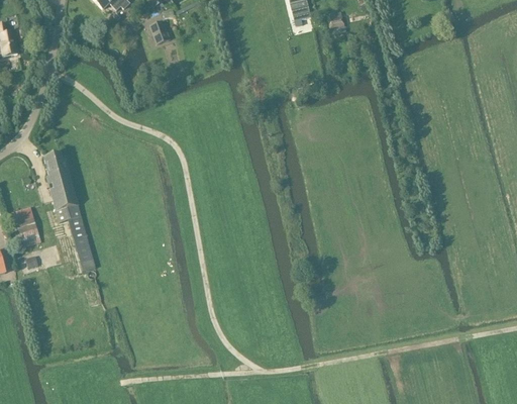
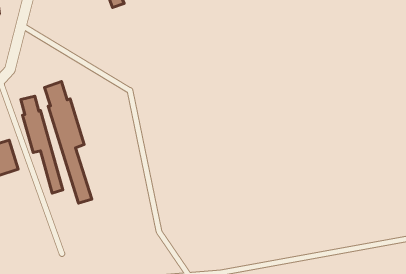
building: none -> [45,82,92,203]

